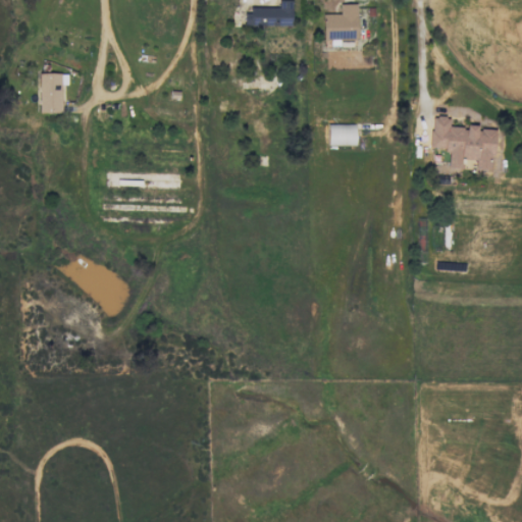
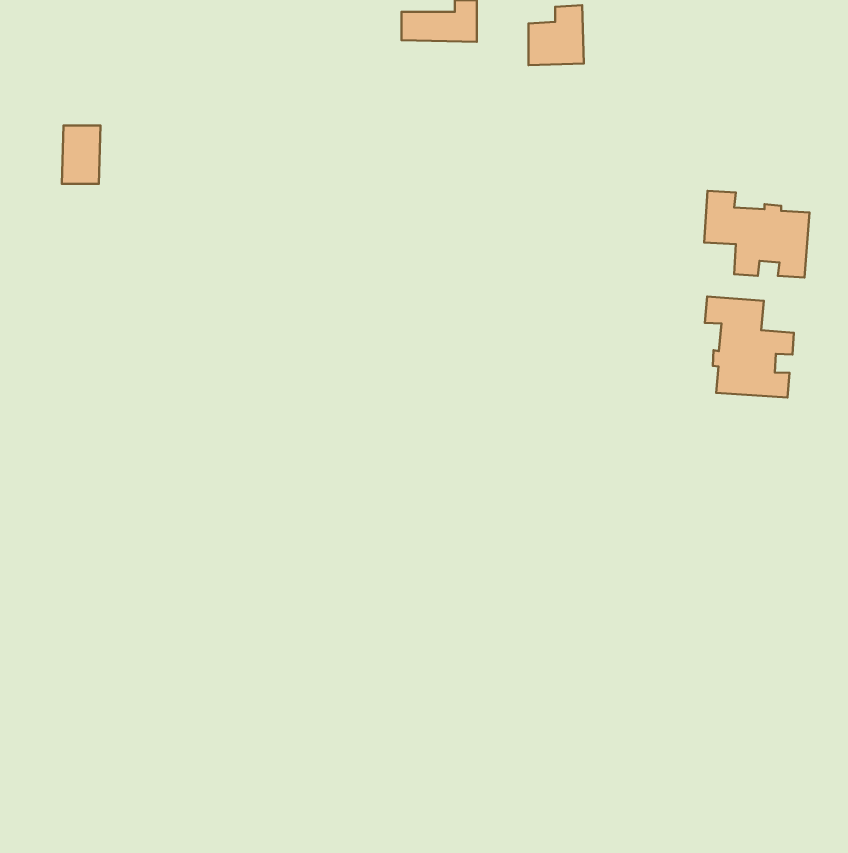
building: [331,124,358,146] -> none
building: none -> [705,297,794,397]

